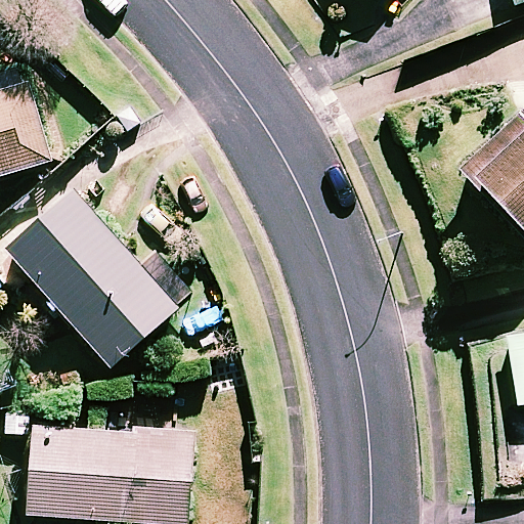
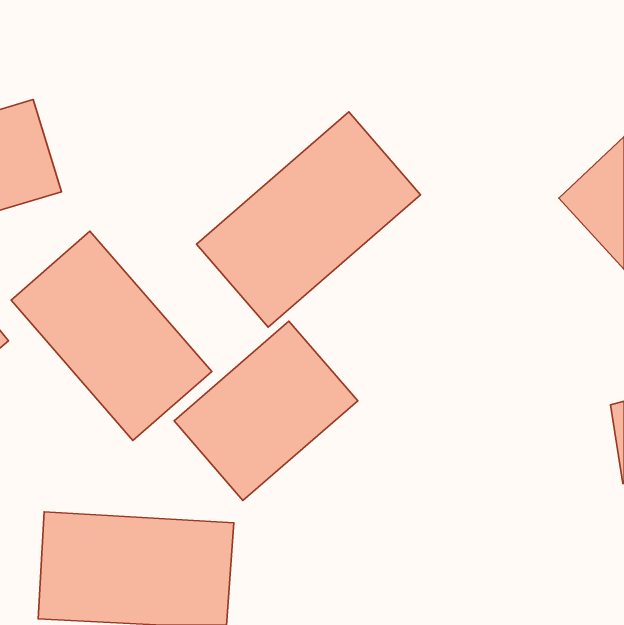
building: none -> [197,112,420,327]
building: none -> [174,321,358,501]

